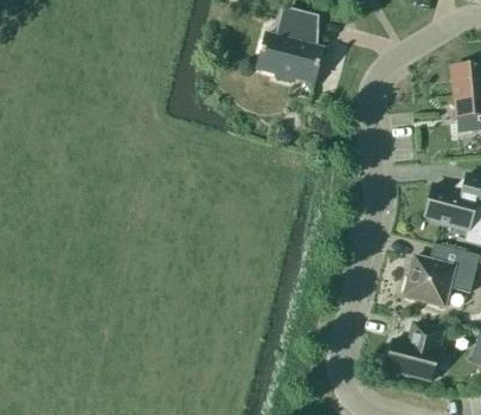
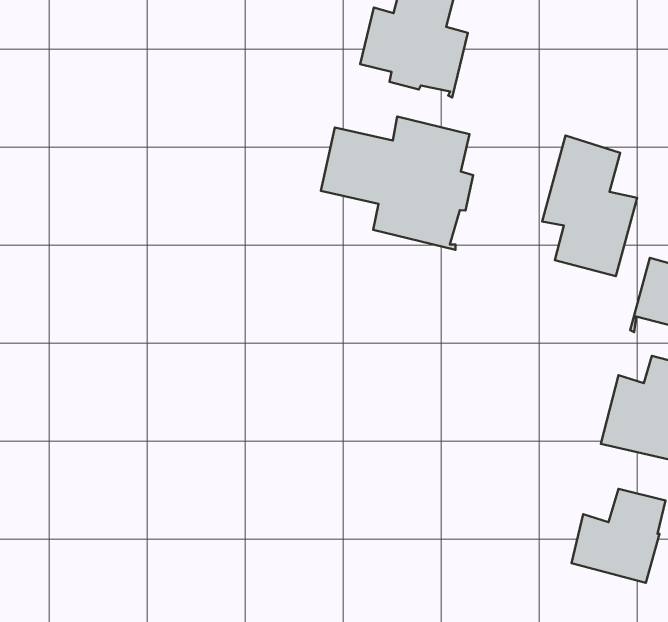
building: none -> [321,117,473,250]
building: none -> [542,136,637,276]

